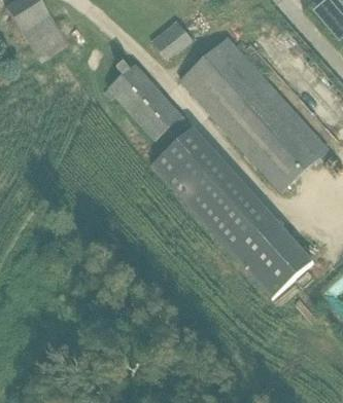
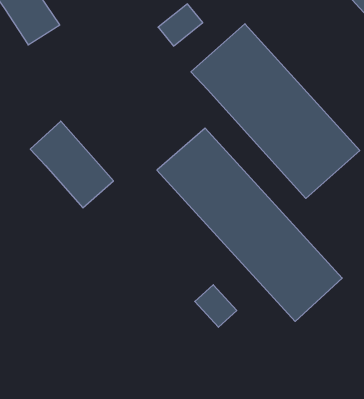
building: [108,63,181,139] -> [30,121,113,208]
building: none -> [195,285,237,327]

